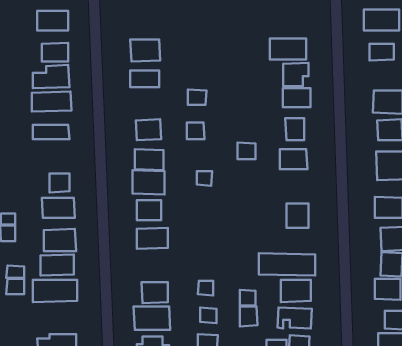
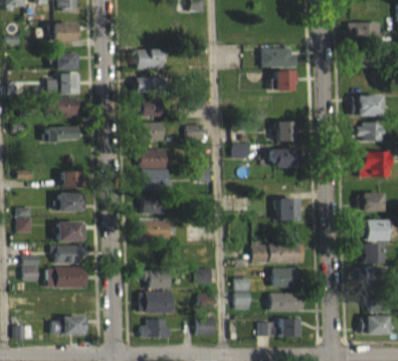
building: [283,88,310,107] -> none
building: none -> [137,100,163,117]

